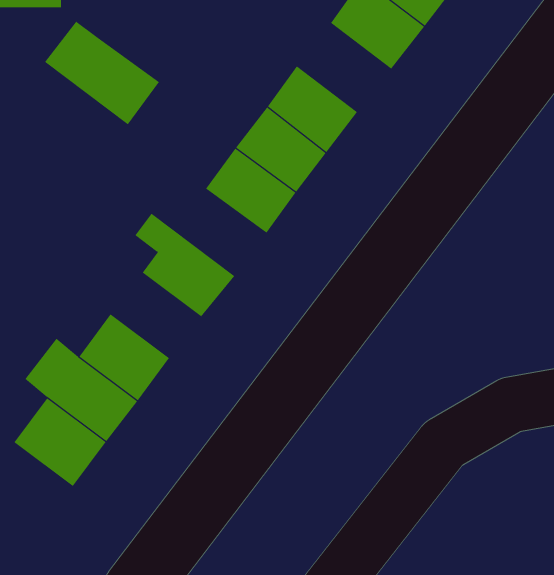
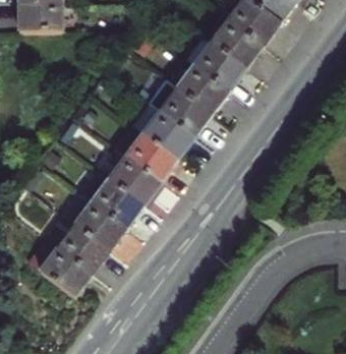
building: none -> [181,34,243,91]
building: [44,21,160,125] -> [112,123,175,180]
building: none -> [77,168,139,225]

